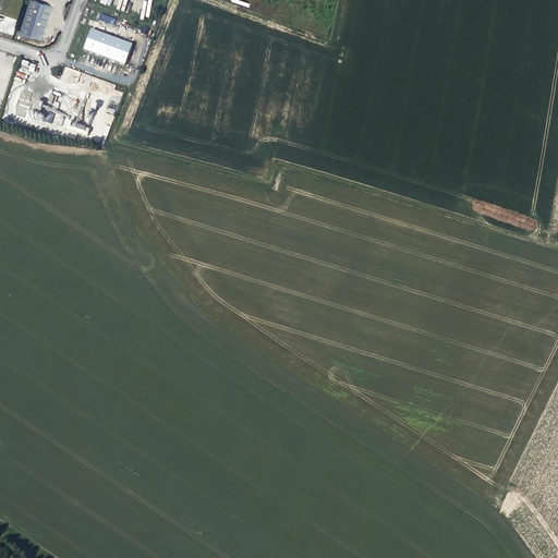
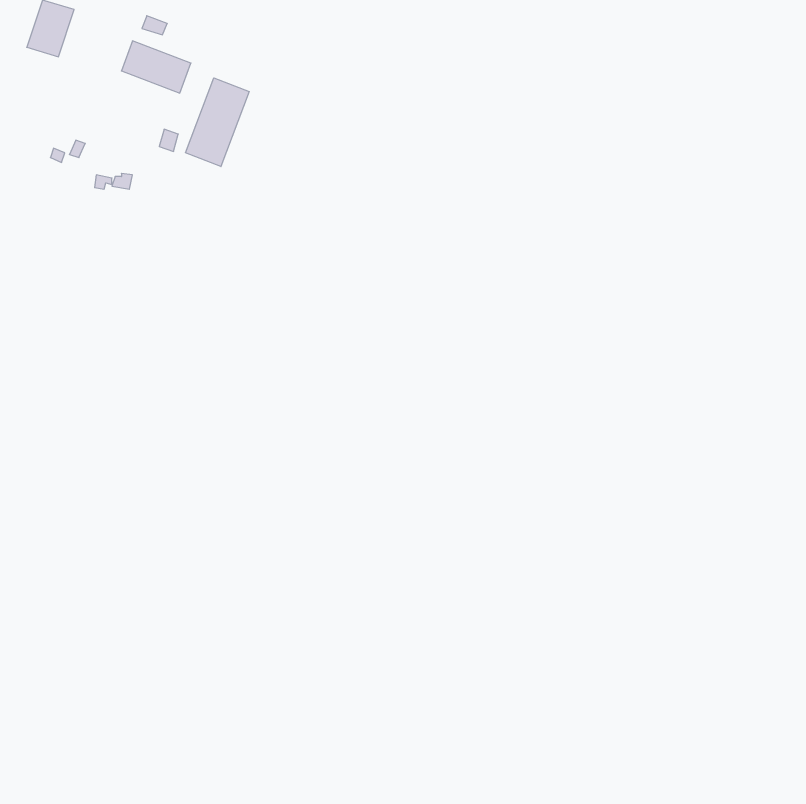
building: none -> [186,78,249,167]

